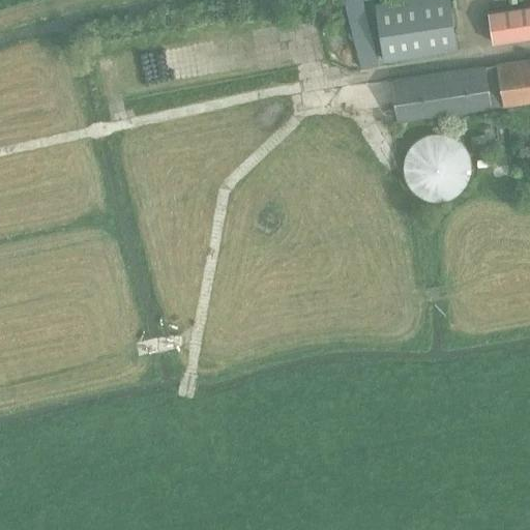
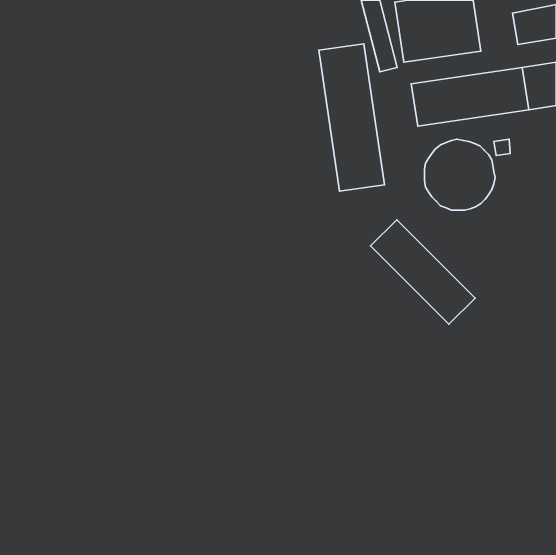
building: none -> [319,44,385,191]
building: none -> [371,220,475,324]

